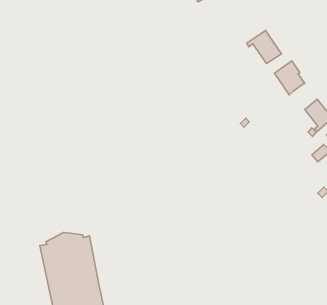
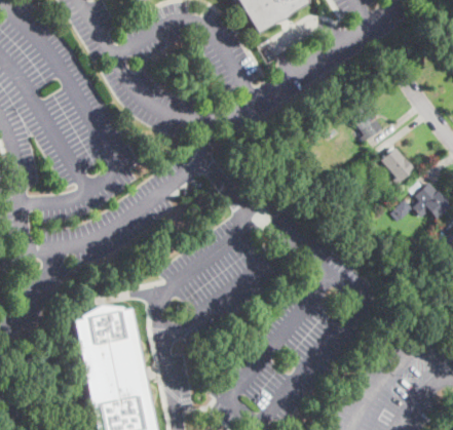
building: [247,31,281,63] -> none

